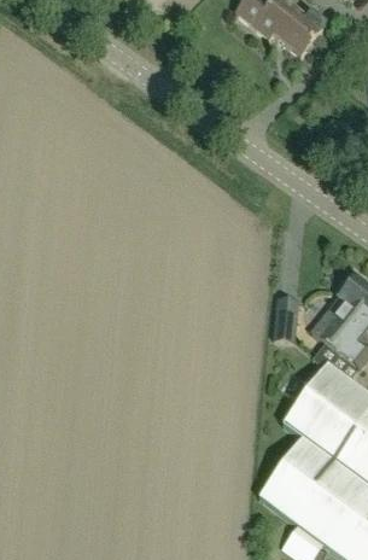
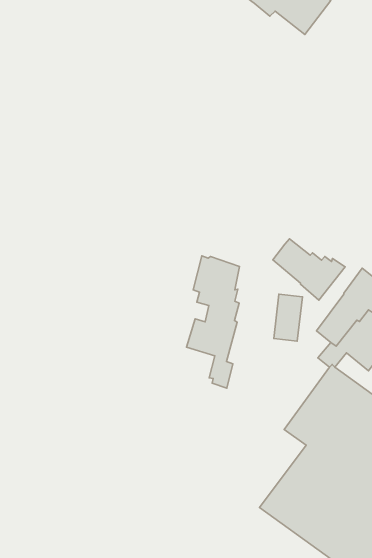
building: none -> [273,239,345,300]
building: none -> [186,256,240,388]

